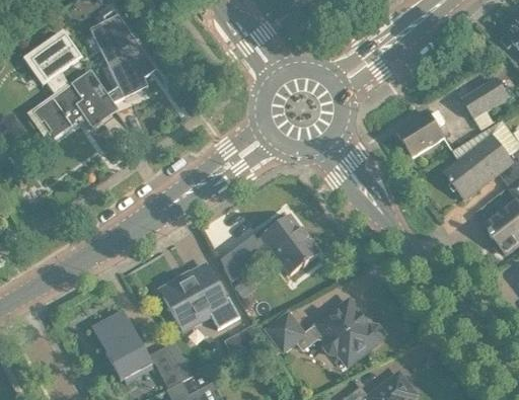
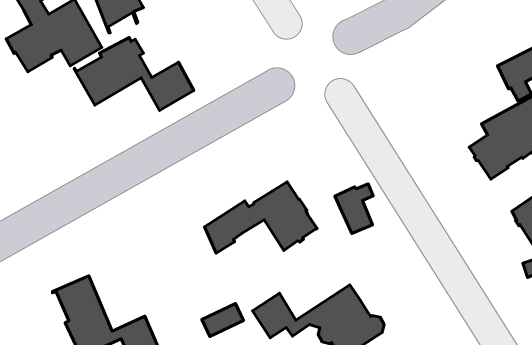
building: none -> [74,38,194,111]
building: [397,110,445,157] -> none
building: none -> [335,184,373,234]
building: [163,267,242,330] -> none

